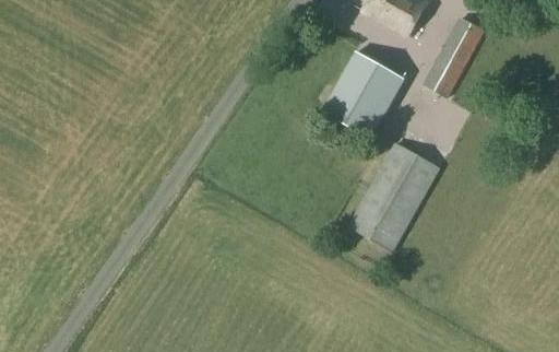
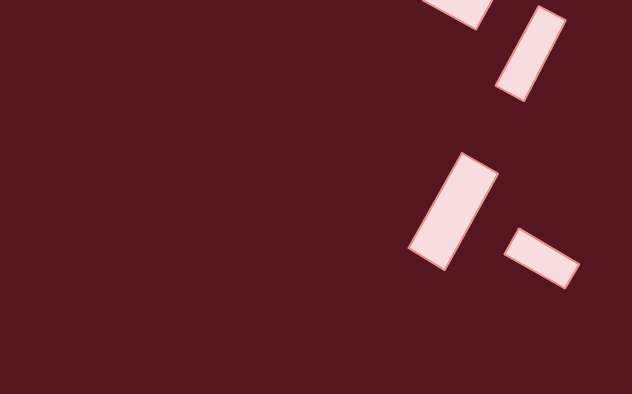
building: [324,52,406,139] -> none
building: none -> [505,229,579,288]

